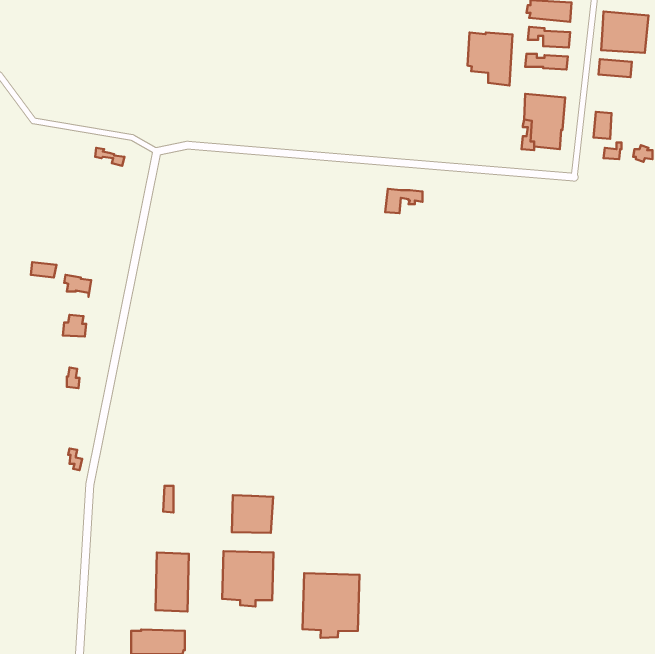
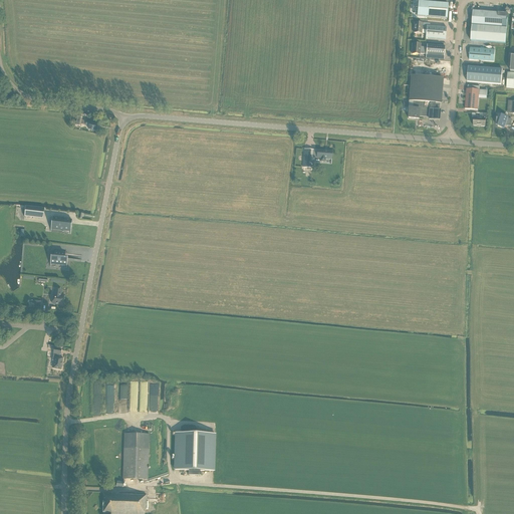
building: [468,32,512,85] -> none
building: none -> [466,65,501,82]
building: [232,495,273,533] -> none
building: [303,573,360,638] -> none

